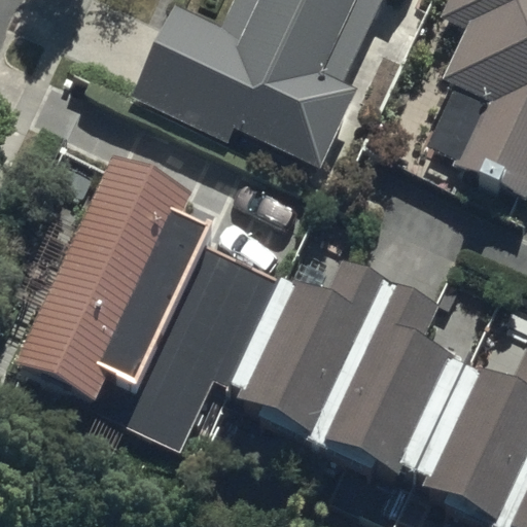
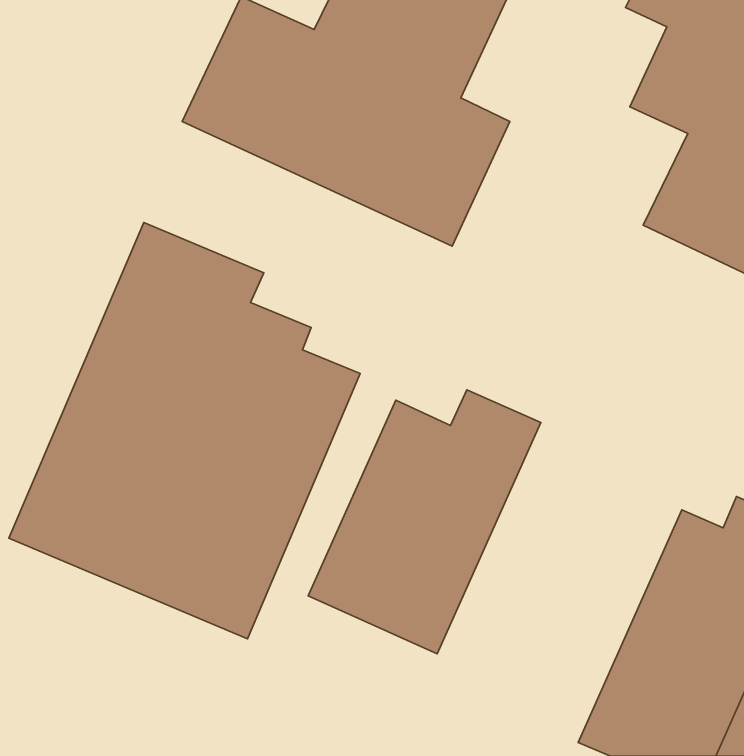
building: [313,293,460,492] -> none

